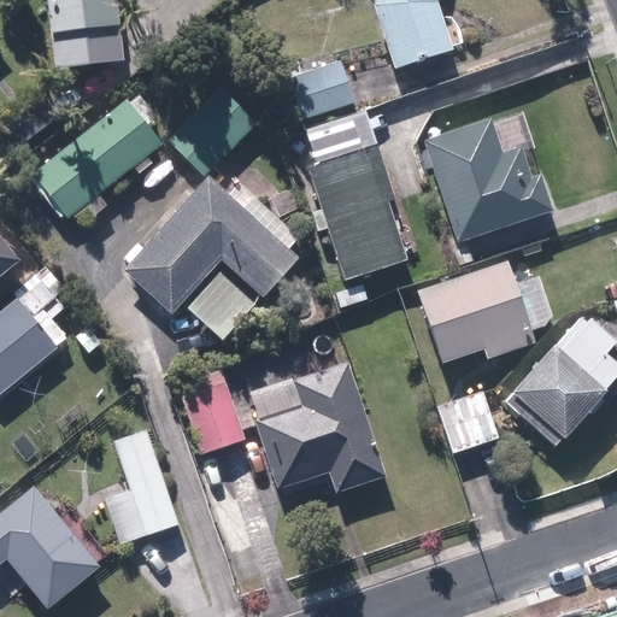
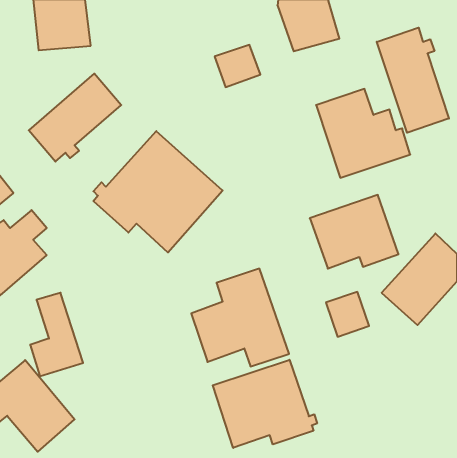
building: none -> [377,28,449,133]
building: [166,89,255,177] -> none
building: [306,125,404,280] -> none
building: [177,376,243,454] -> none
building: [104,429,175,541] -> [30,293,83,376]
building: none -> [213,360,317,448]

